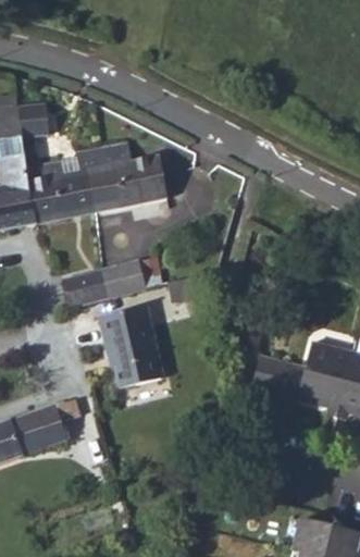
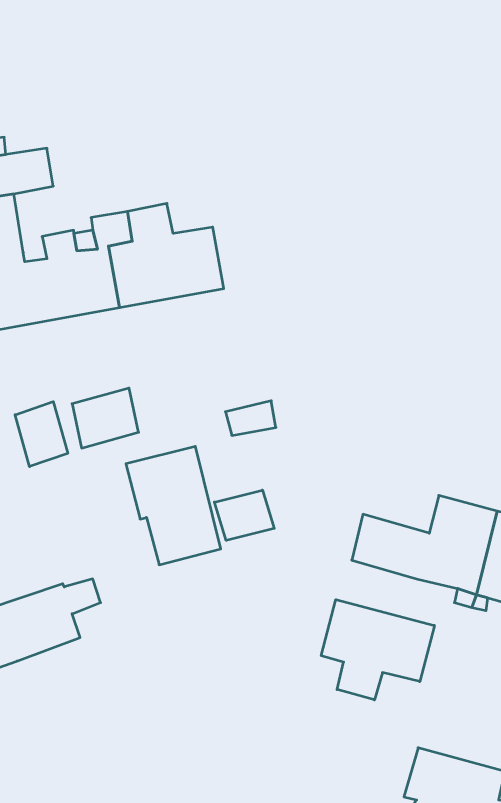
building: [100,259,145,298] -> none
building: none -> [15,402,68,467]
building: none -> [214,490,274,540]
building: none -> [321,600,434,700]

